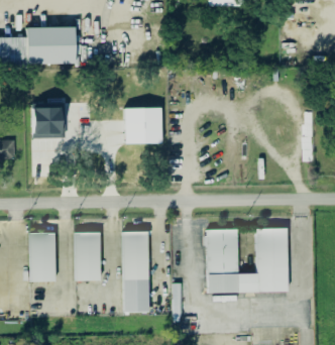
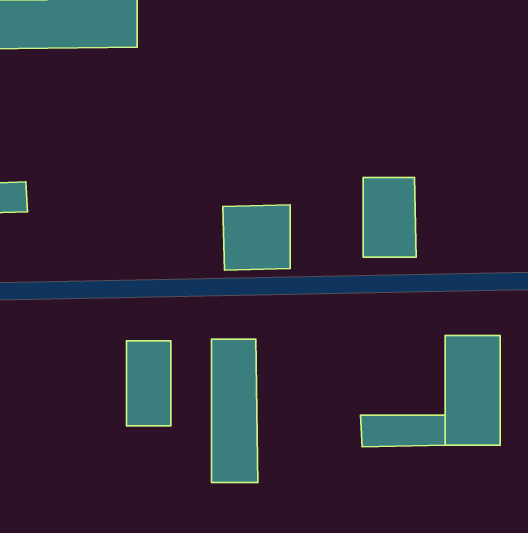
building: [37,107,67,138] -> none
building: [126,107,164,144] -> [223,205,290,270]
building: [207,228,237,273] -> [363,178,416,257]
building: [28,231,54,280] -> none

